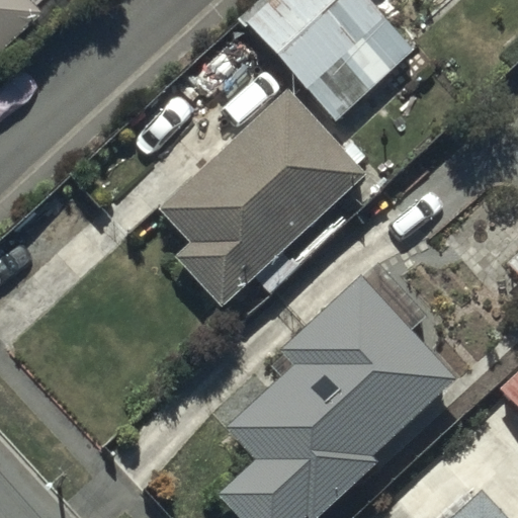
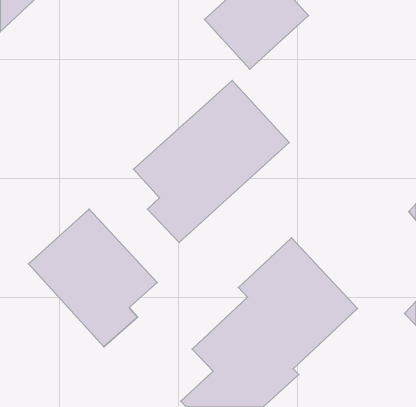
building: none -> [29,209,157,347]

